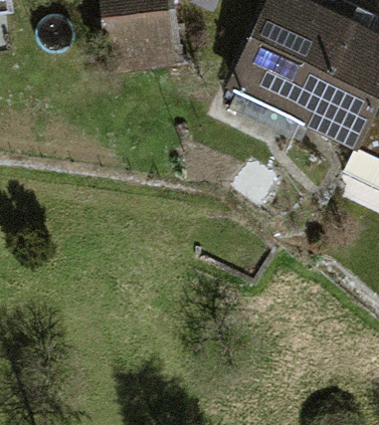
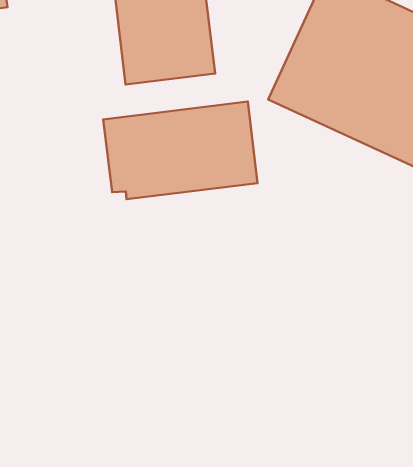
building: none -> [103,101,258,199]

